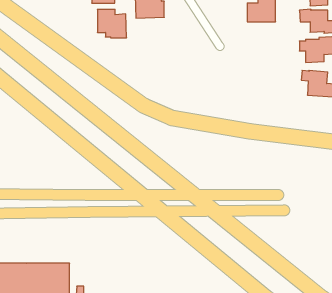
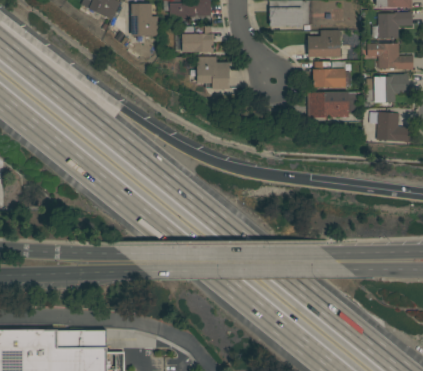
building: [97,9,127,38] -> [197,57,230,89]
building: none -> [313,62,346,88]
building: none -> [309,92,355,118]

